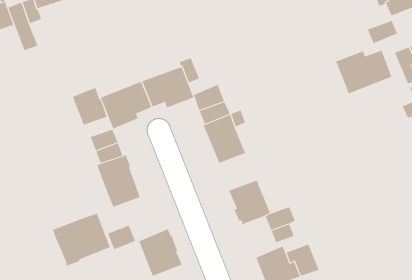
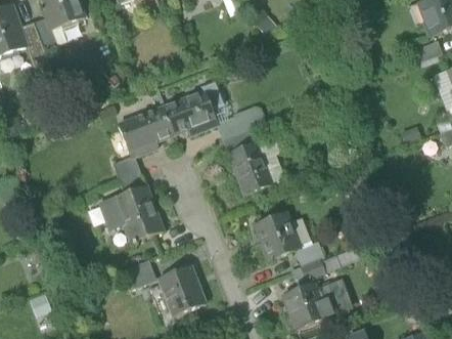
building: [336,50,392,94] -> none
building: [72,87,107,126] -> none
building: none -> [97,196,124,229]
building: [53,213,111,267] -> none

